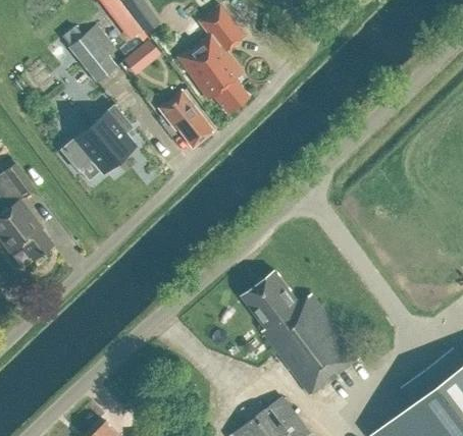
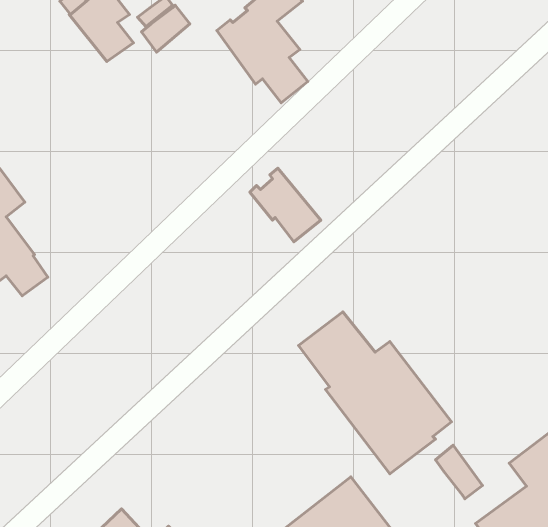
building: [156,90,210,146] -> [250,168,321,242]
building: [61,107,134,172] -> none
building: none -> [436,445,482,499]

